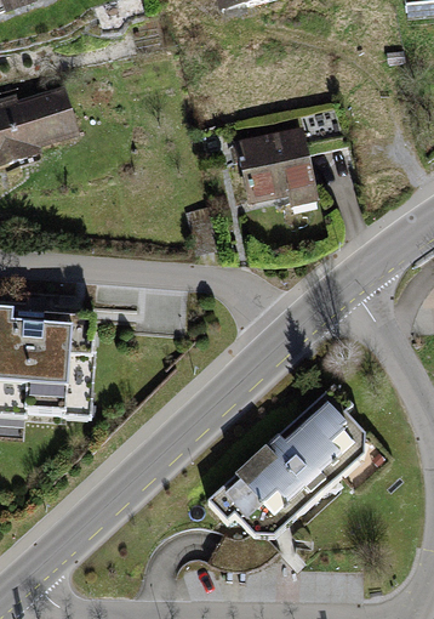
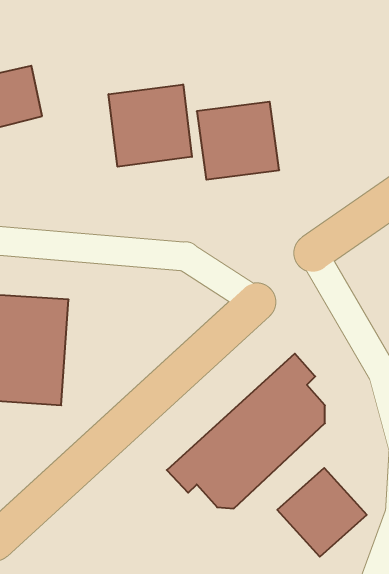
building: none -> [109,84,192,167]
building: none -> [277,468,367,557]

